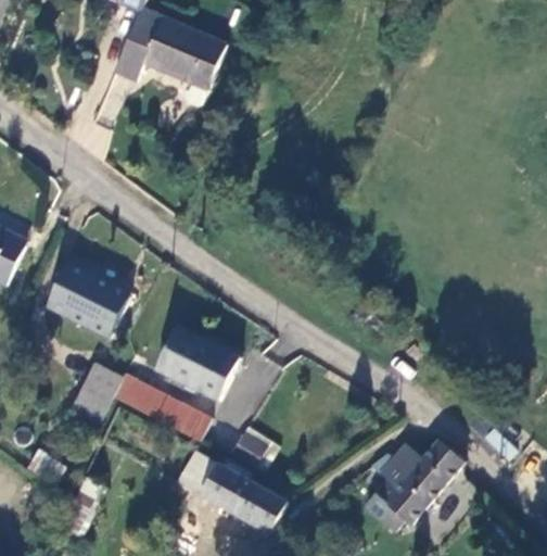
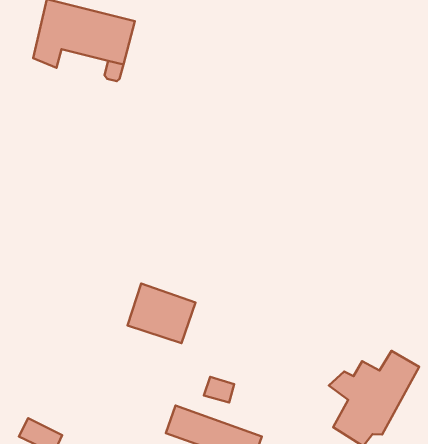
building: [47,260,130,336] -> none
building: [66,364,116,427] -> none
building: [122,378,212,438] -> none

